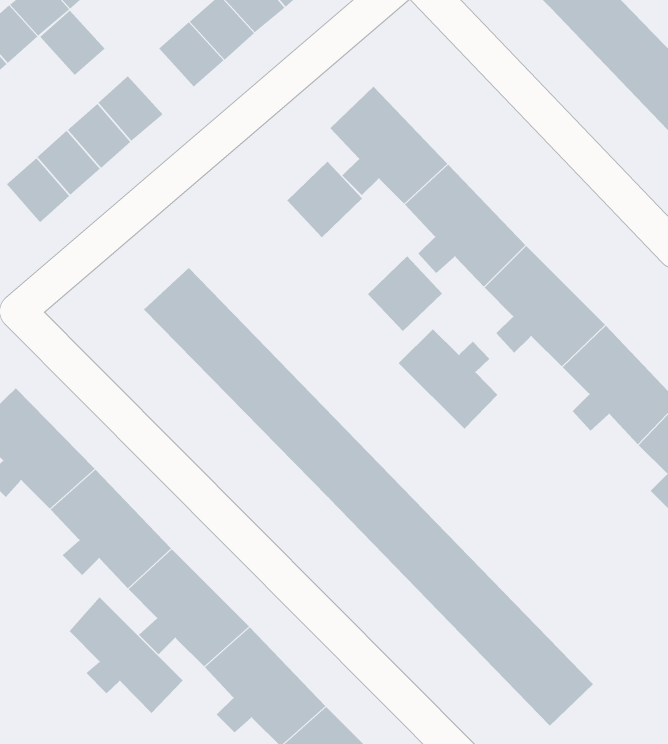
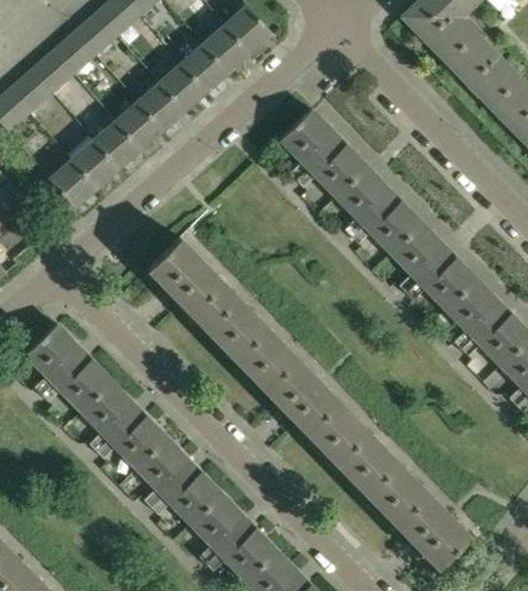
building: [39,10,105,76] -> [137,81,184,128]
building: [286,161,363,238] -> none
building: [367,256,443,332] -> none
building: [398,328,498,430] -> none
building: [69,596,184,714] -> none

